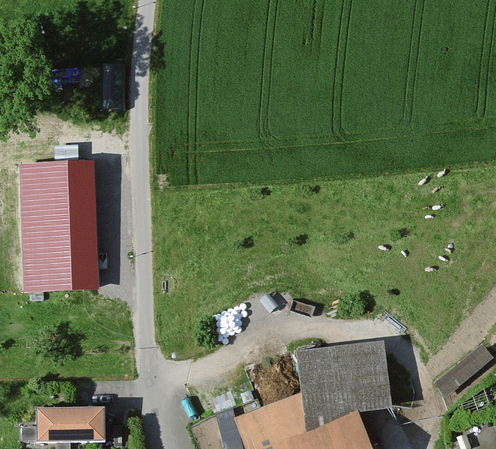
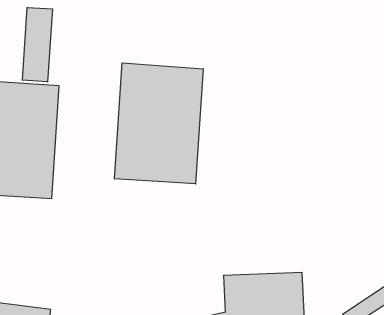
building: none -> [23,7,52,82]
building: none -> [115,63,203,184]

